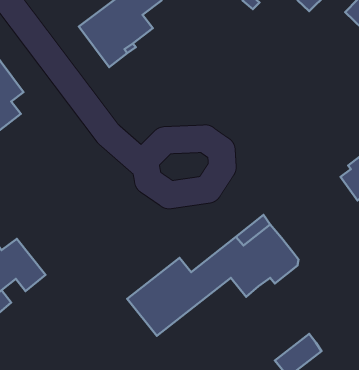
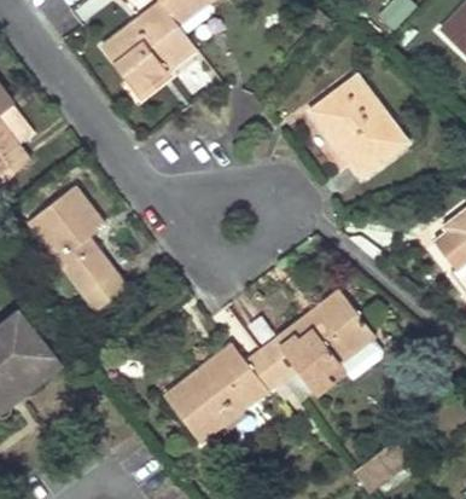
building: none -> [308,72,407,179]
building: none -> [27,186,124,309]

